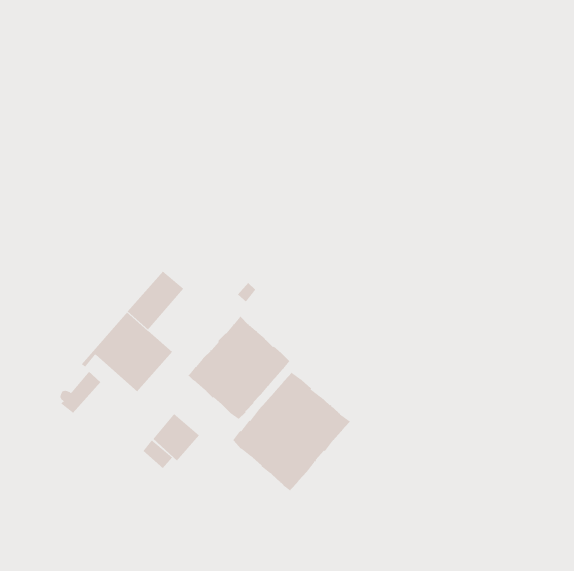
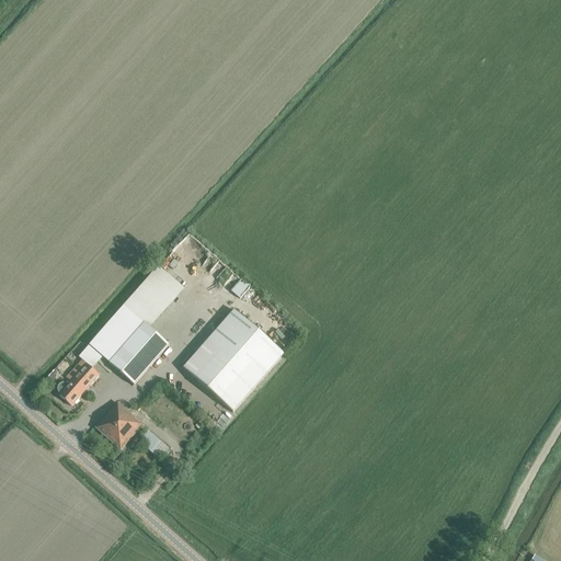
building: [232,371,351,491] -> none
building: [153,413,200,461] -> [96,400,142,447]

